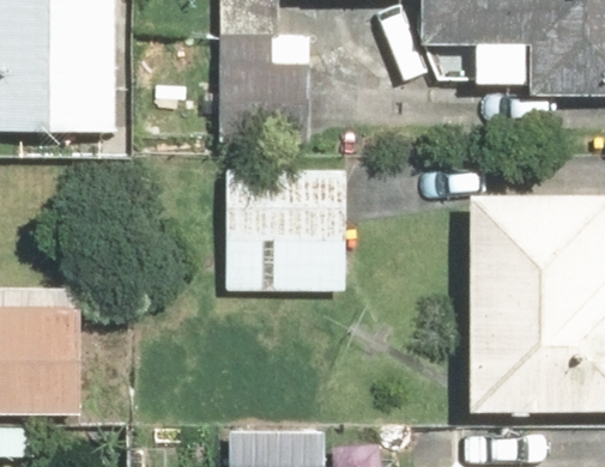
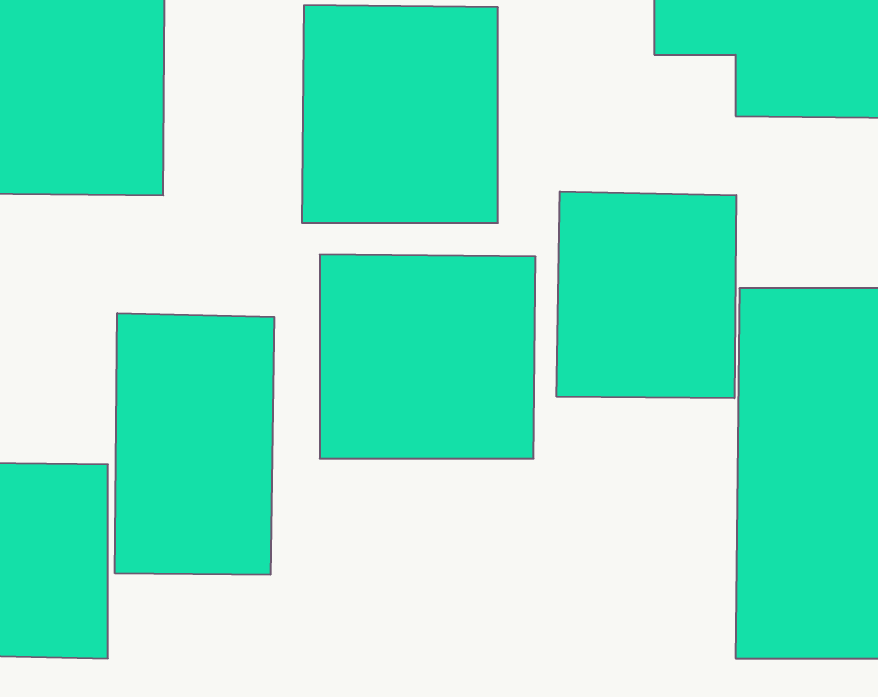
building: none -> [557,191,736,398]
building: none -> [115,313,274,575]

